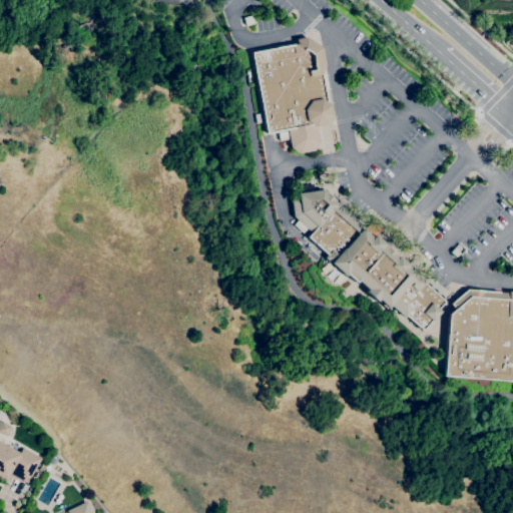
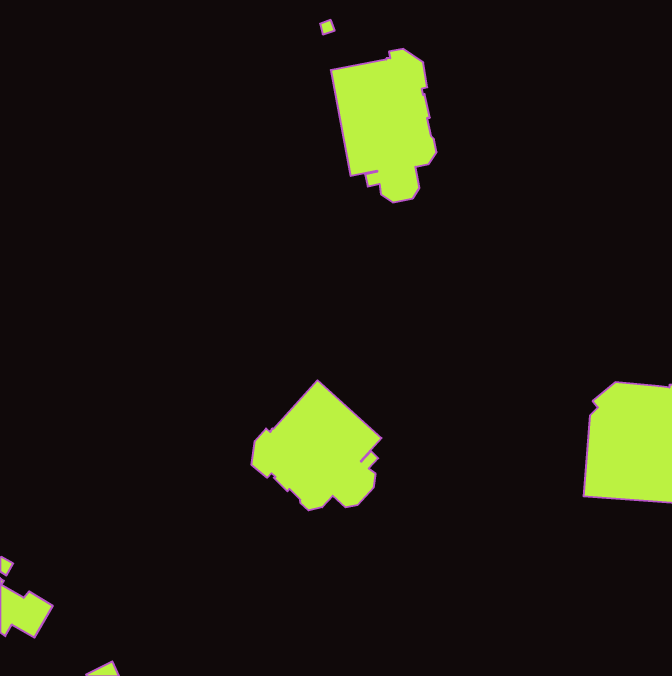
building: [293,183,446,331] -> none
building: none -> [251,380,382,510]

